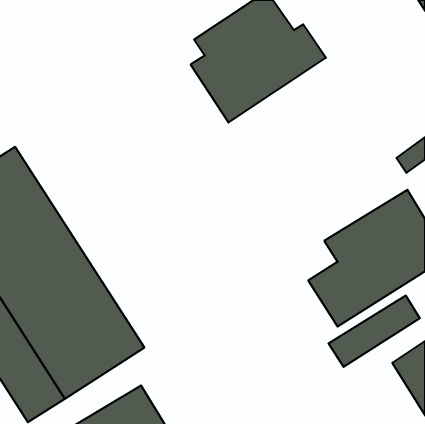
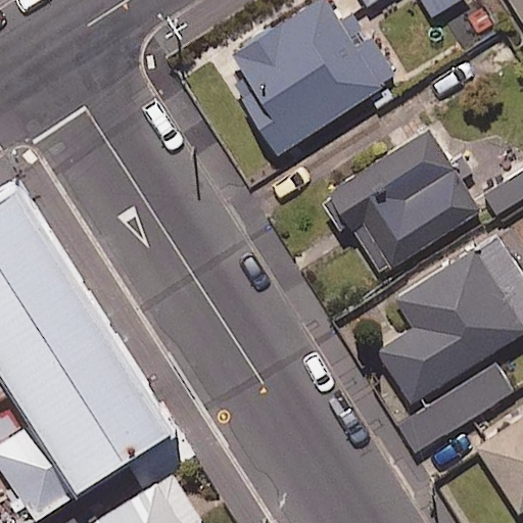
building: none -> [323,131,479,268]

